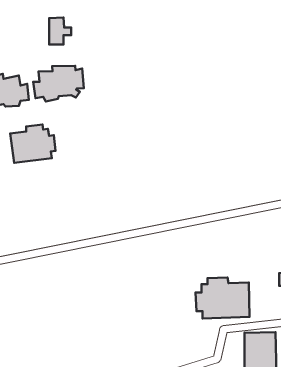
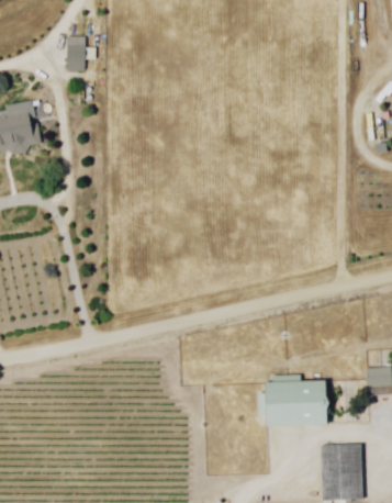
building: [33,66,84,101] -> none
building: [10,125,56,163] -> none

